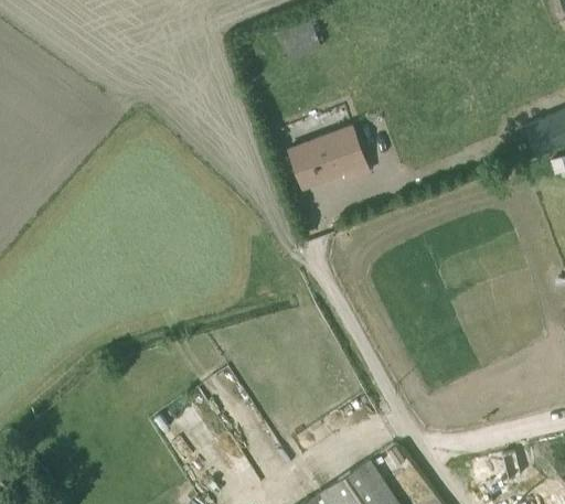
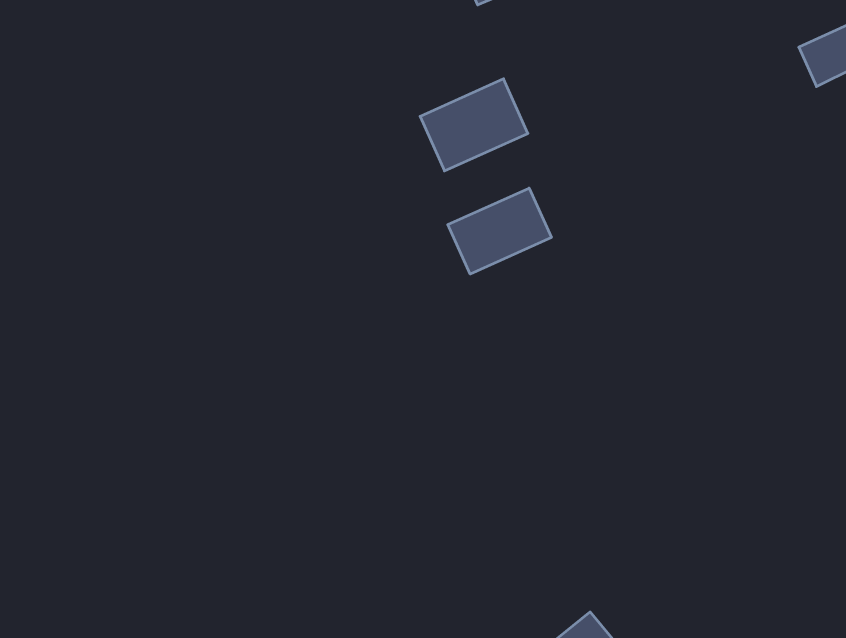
building: none -> [448,188,551,274]

